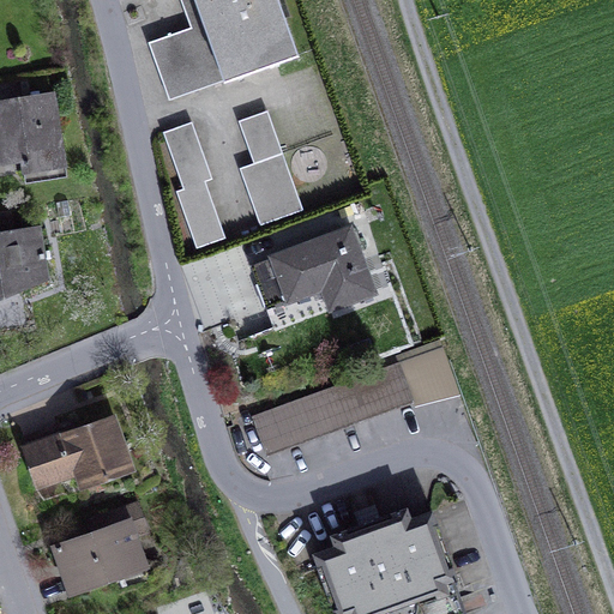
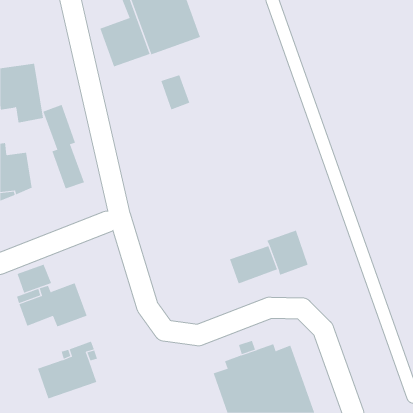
building: [162,121,224,247] -> [43,104,85,189]
building: [246,152,302,222] -> none
building: [249,229,373,329] -> none
building: [253,384,353,452] -> none
building: none -> [17,264,52,294]

